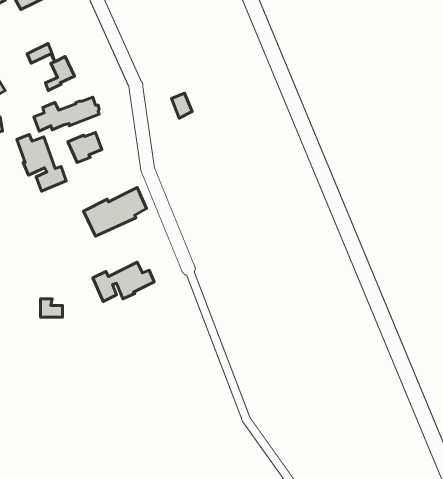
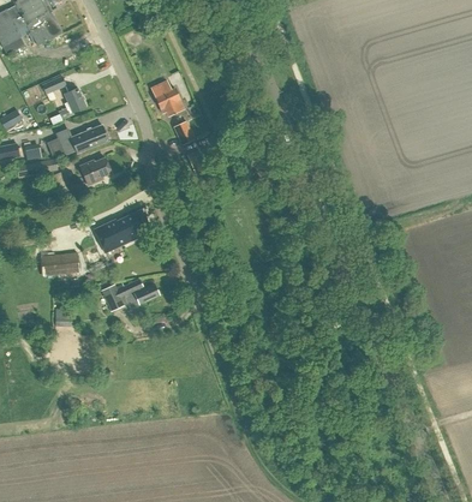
building: none -> [150,80,180,115]
building: [17,134,66,191] -> none
building: none -> [40,251,78,275]

